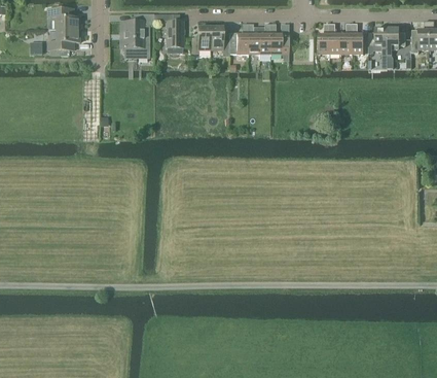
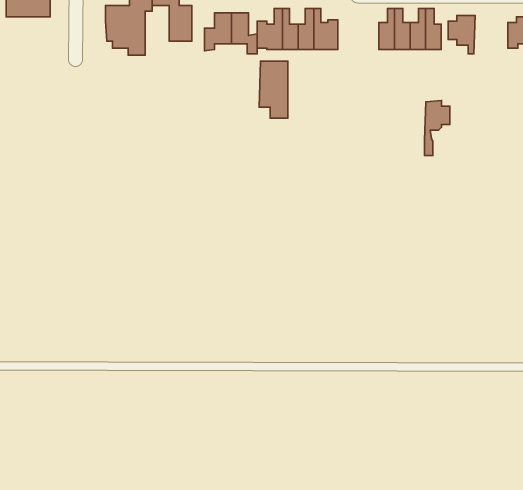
building: [387,27,405,67] -> [424,100,450,156]
building: [47,29,79,49] -> none
building: none -> [259,61,288,118]

